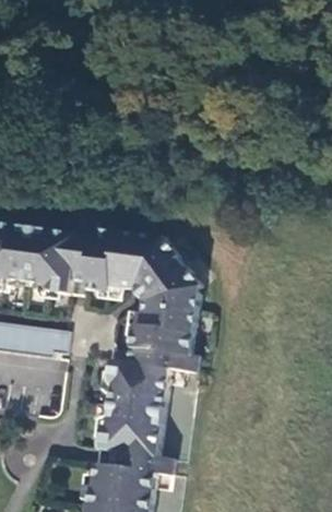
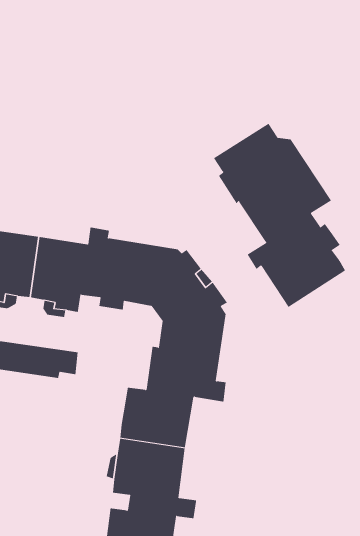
building: none -> [213,123,346,308]

